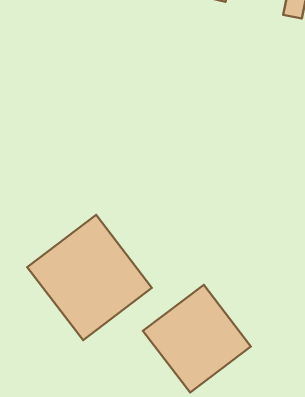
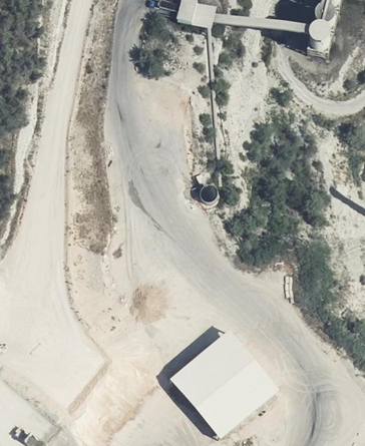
building: [27,215,152,340] -> none

